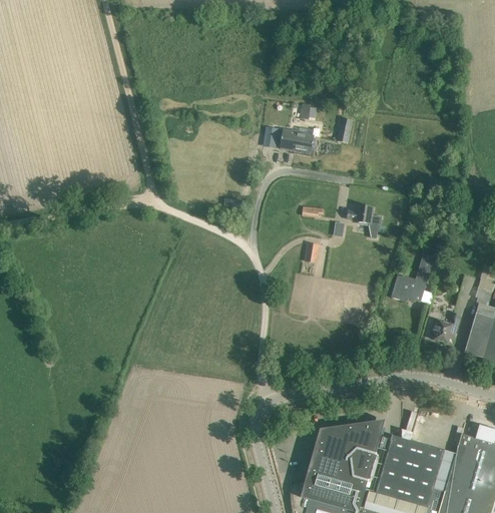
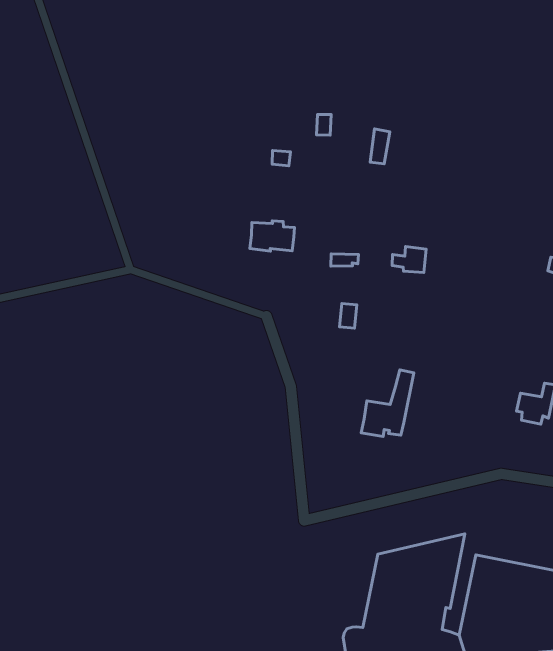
building: [281,128,315,151] -> [250,221,295,251]
building: [392,252,434,301] -> [361,370,414,437]

